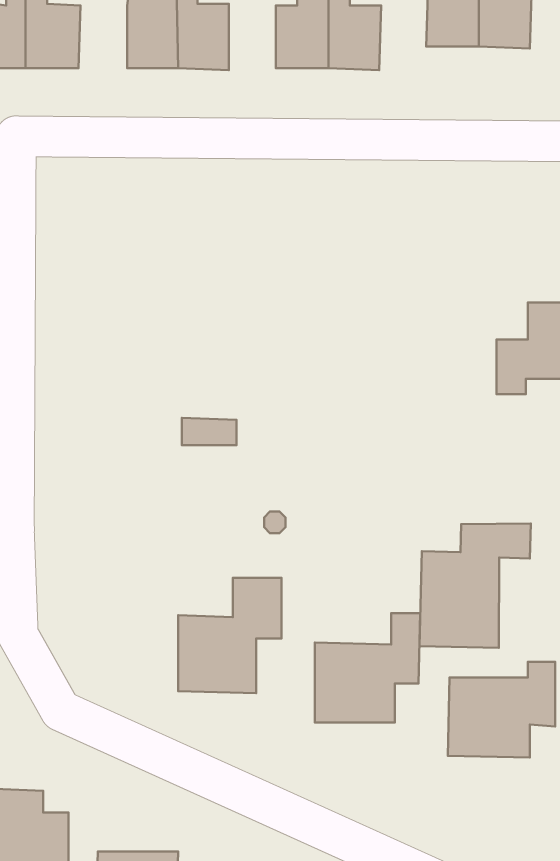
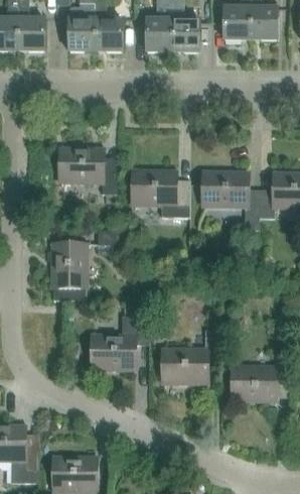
building: none -> [62,146,117,195]
building: none -> [134,168,189,218]
building: none -> [205,170,260,230]
building: none -> [52,243,86,300]
building: [420,524,531,648] -> none

